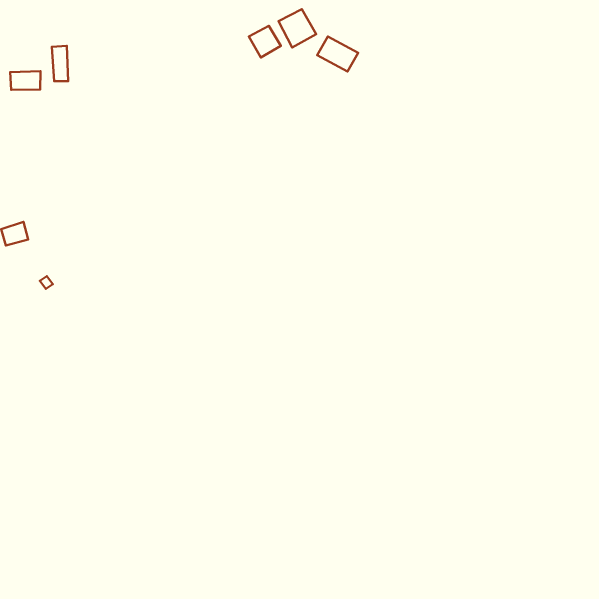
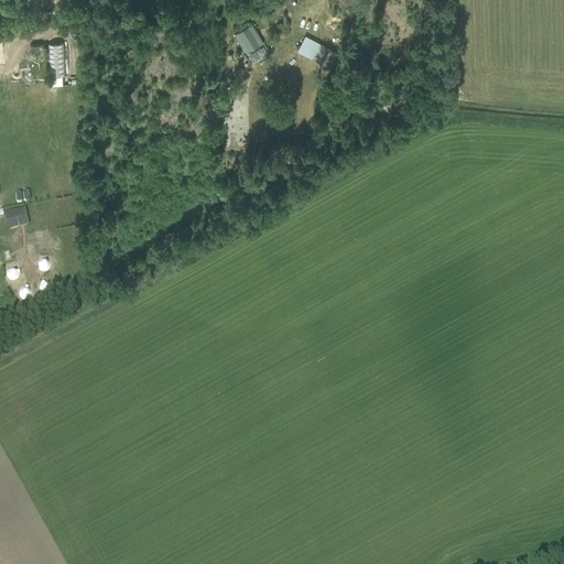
building: [279,9,316,47] -> none
building: [10,71,40,90] -> none

